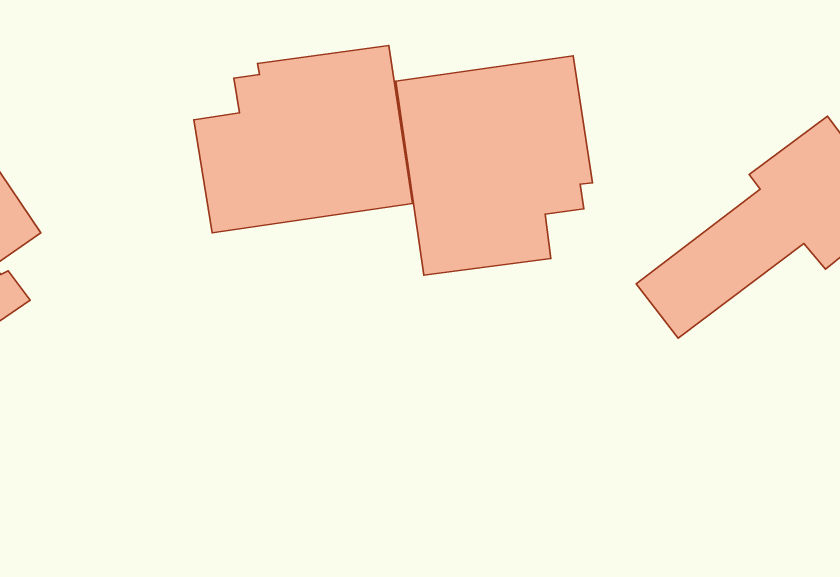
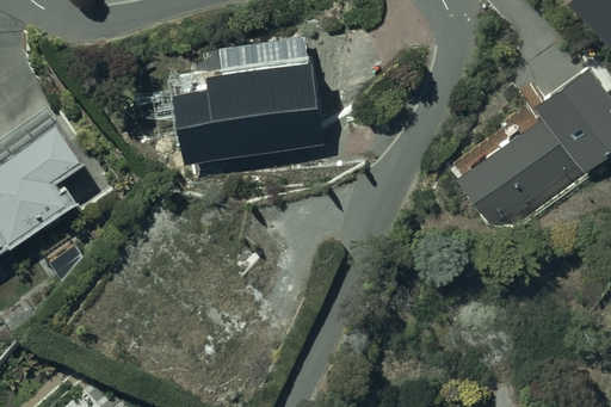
building: [396,56,593,275] -> none

